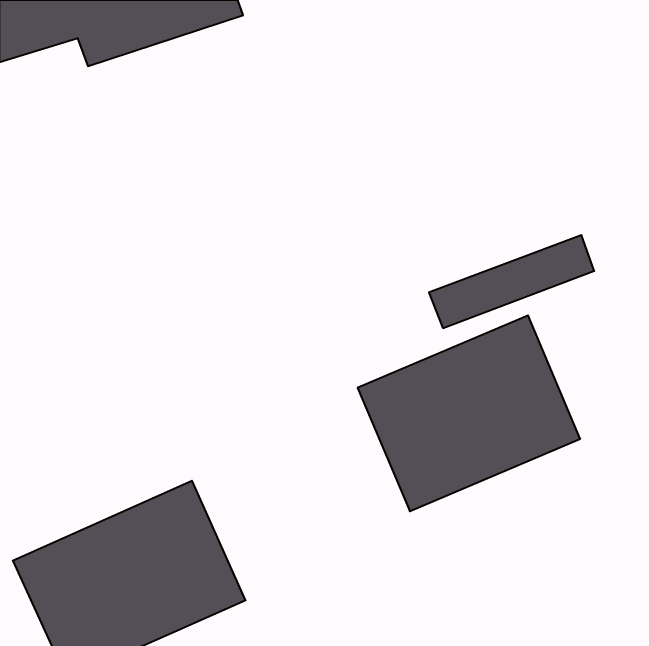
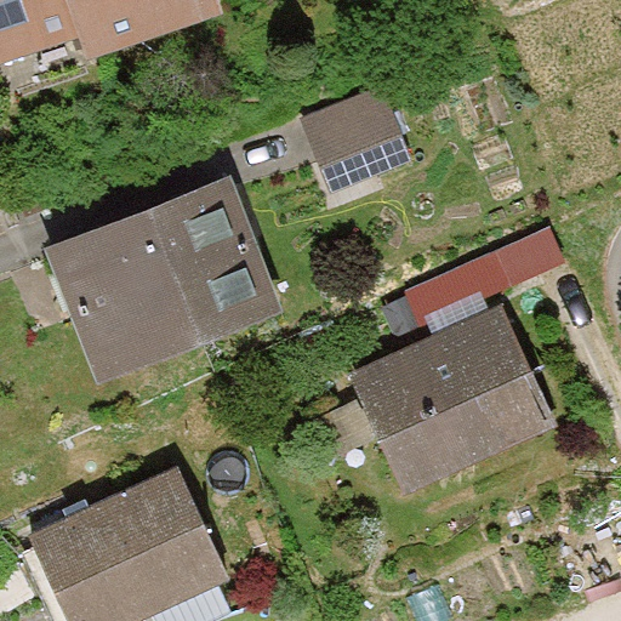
building: none -> [297,84,418,198]
building: none -> [49,182,279,378]

